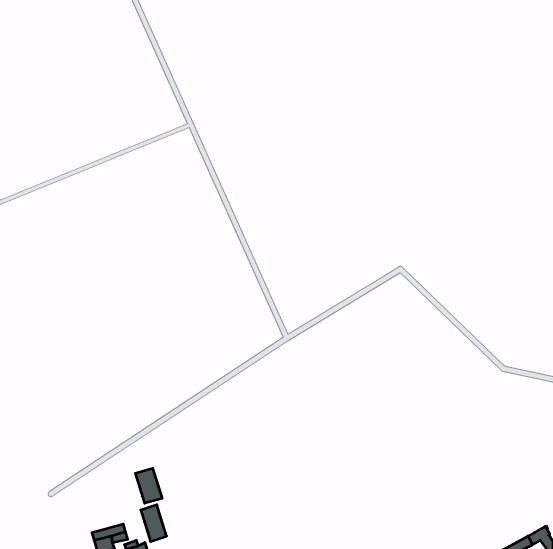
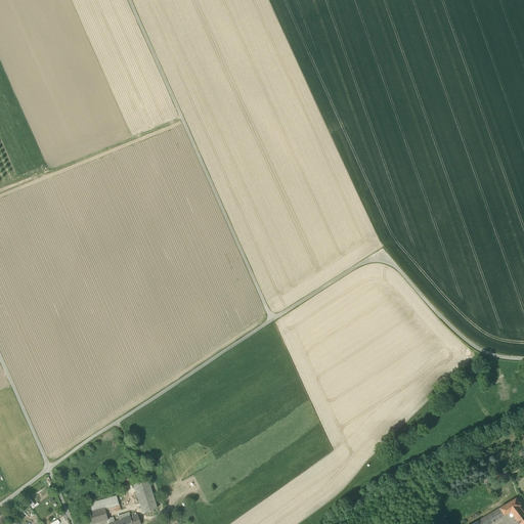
building: [135,468,162,503] -> none

